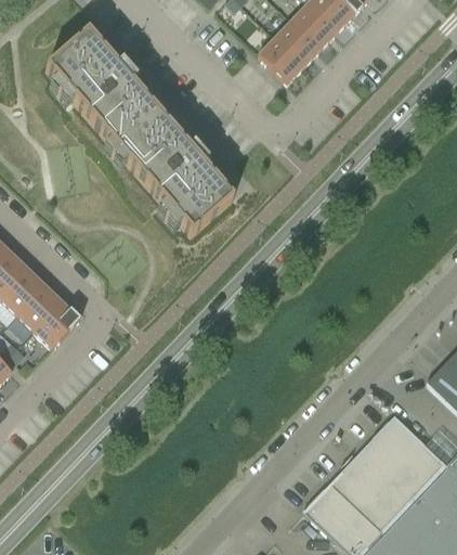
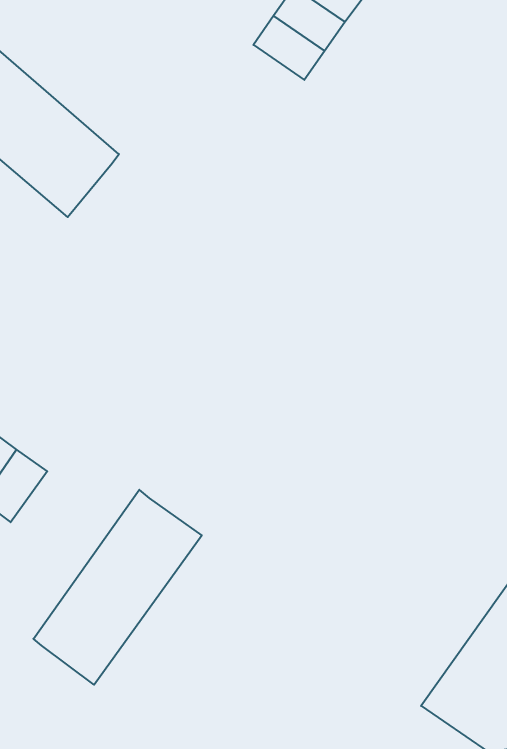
building: [119,114,234,235] -> none
building: none -> [33,490,202,685]

